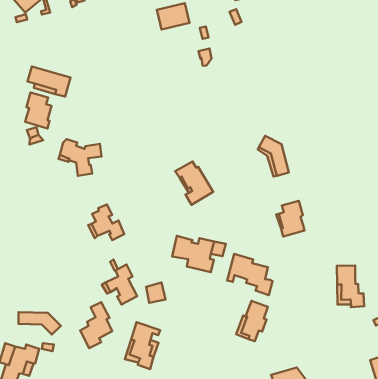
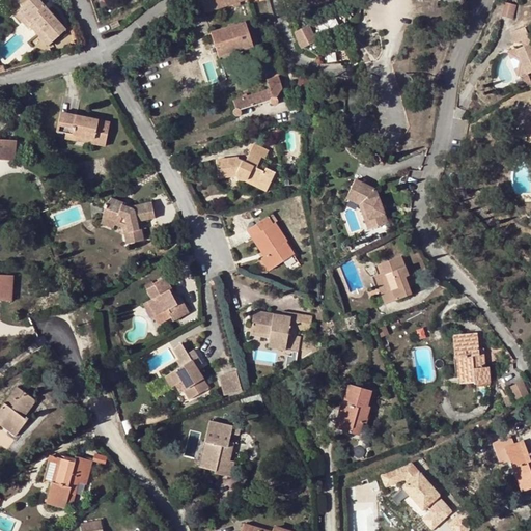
building: none -> [231,87,277,116]
building: [25,93,52,128] -> none
building: none -> [216,142,275,191]
building: [227,254,273,295] -> none
building: [80,302,112,348] -> none
building: [18,312,61,334] -> none

